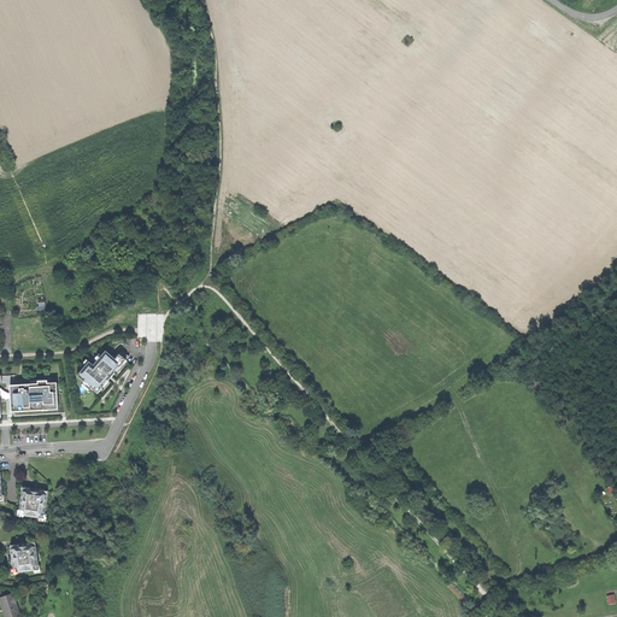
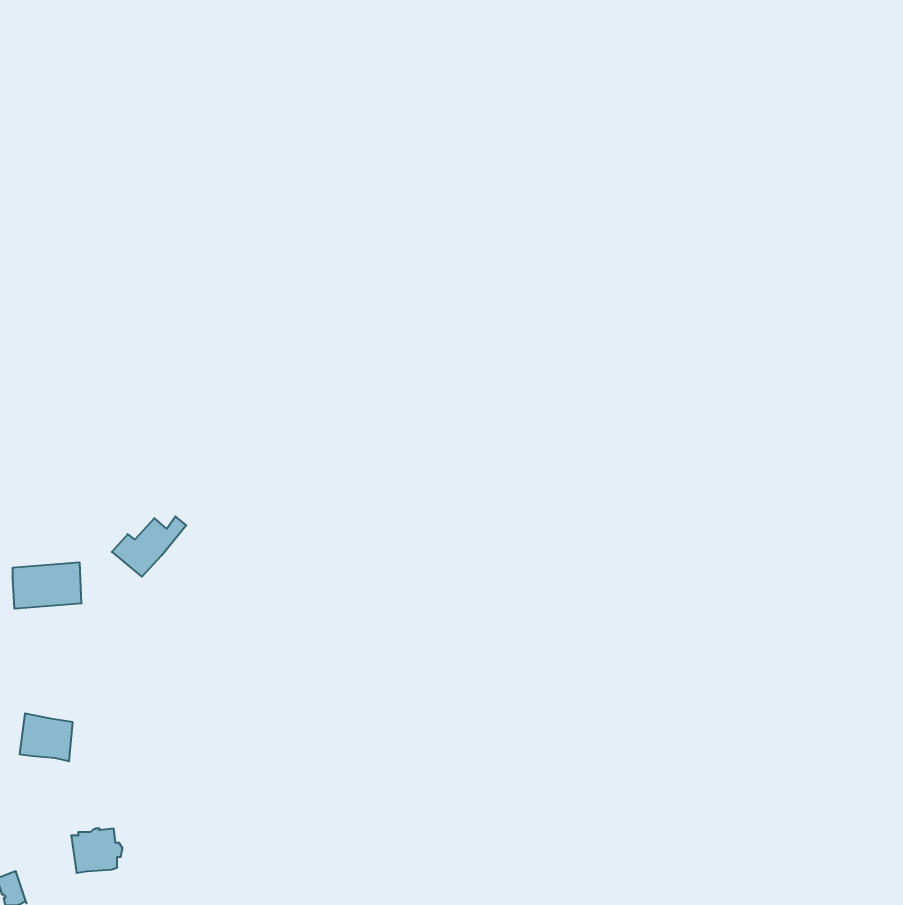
building: [5,541,40,571] -> [71,829,123,873]

